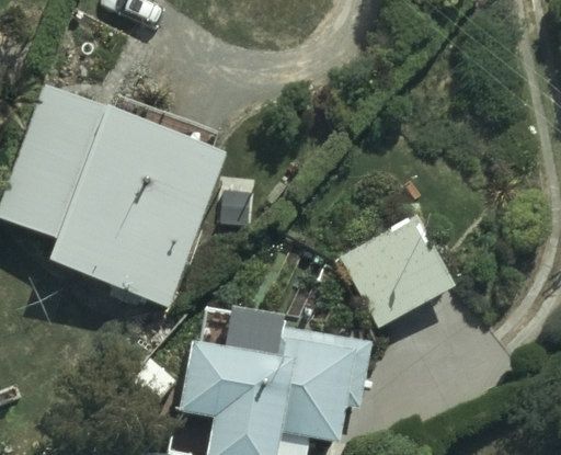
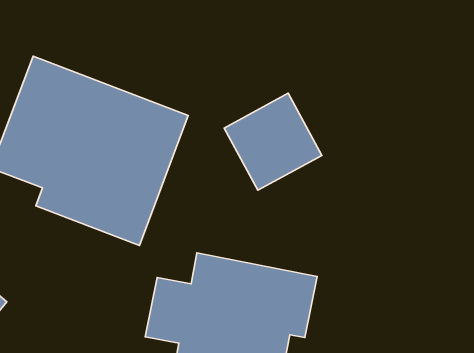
building: [342,211,456,323] -> [224,93,322,190]

